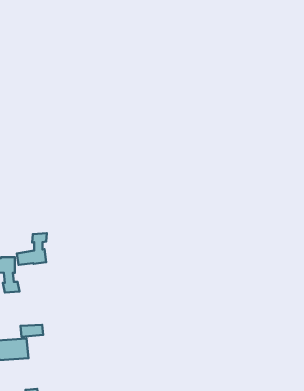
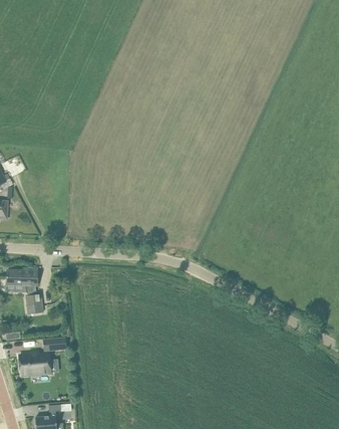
building: [17,233,47,265] -> none

